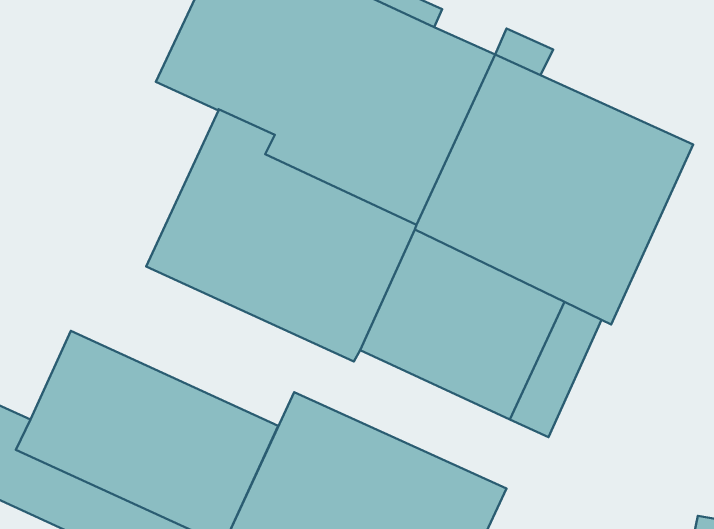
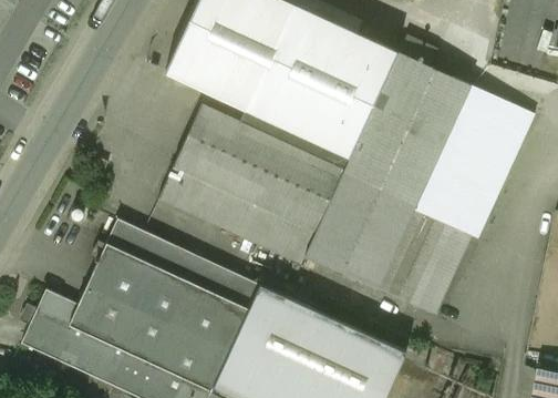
building: none -> [105,218,259,308]

